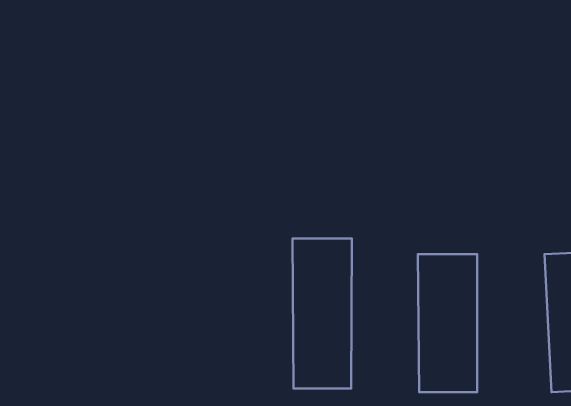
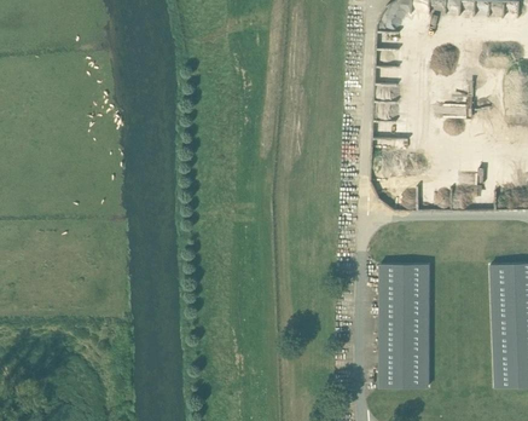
building: [293,238,352,388] -> none

